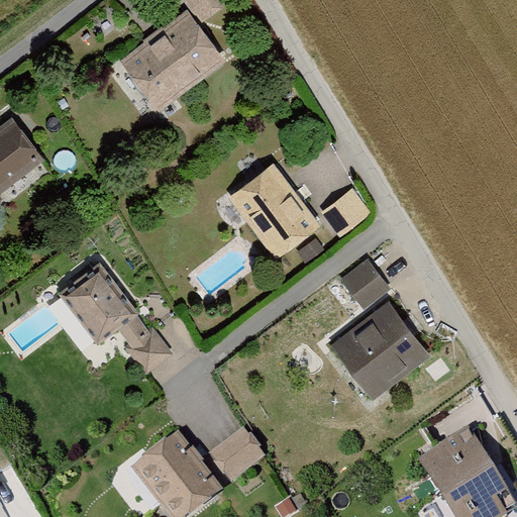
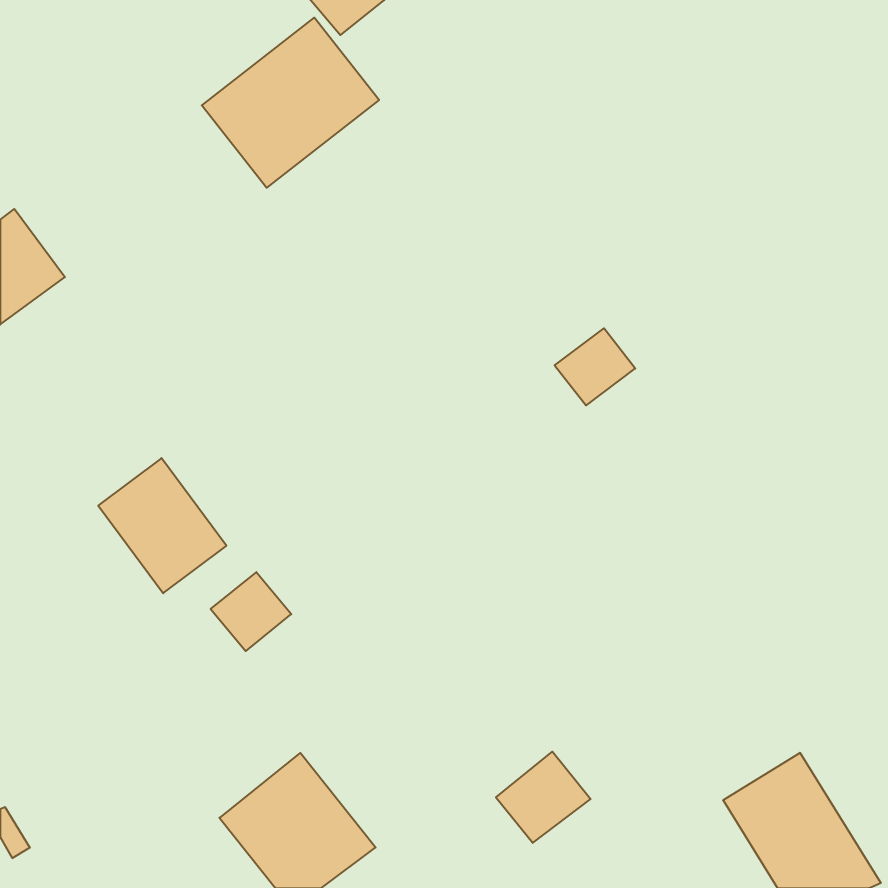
building: [227,163,318,255] -> none
building: [342,260,390,307] -> none
building: [331,301,428,396] -> none
building: [210,429,265,482] -> [496,752,591,843]

